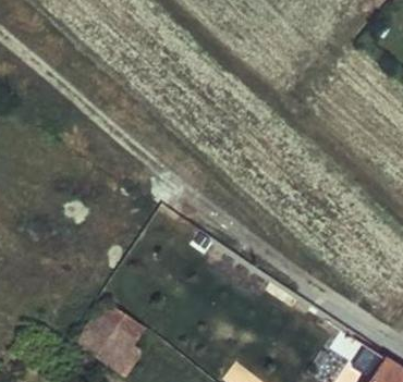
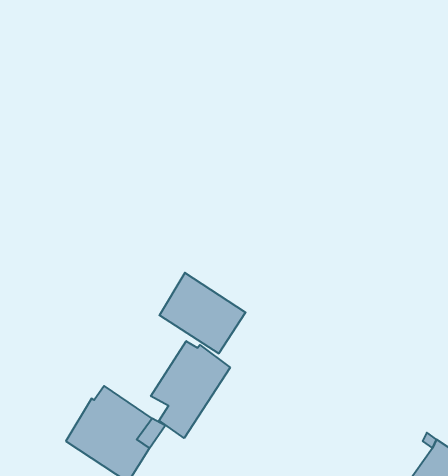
building: none -> [151,341,230,438]

